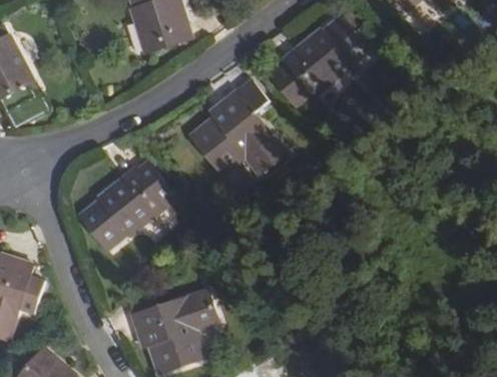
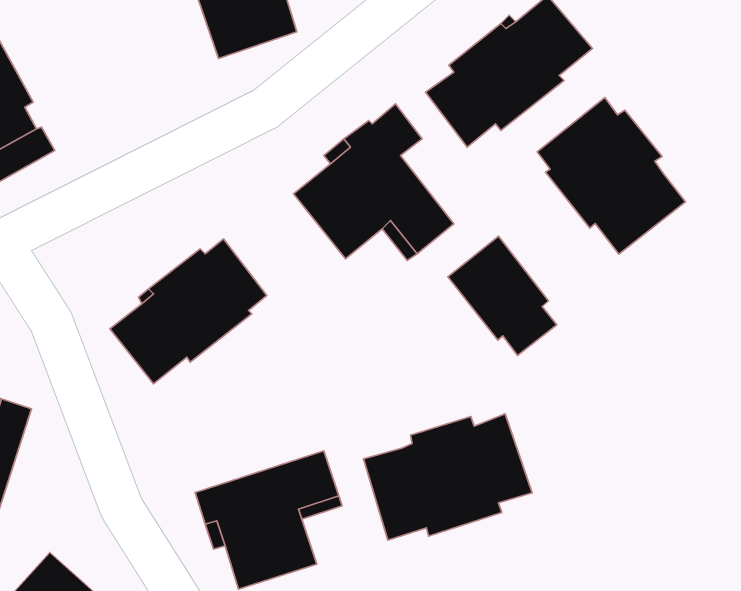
building: none -> [537,98,686,254]
building: none -> [448,236,557,356]
building: none -> [364,414,532,540]

